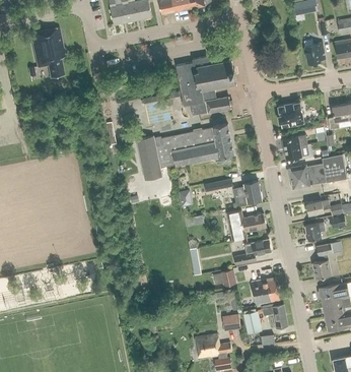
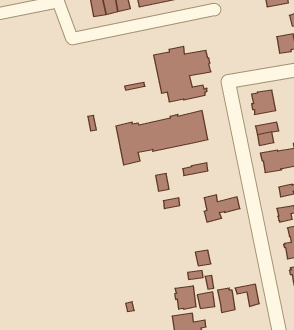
building: [29,26,64,77] -> none
building: [232,180,261,204] -> none
building: [233,239,271,265] -> none
building: [251,276,279,304] -> none
building: none -> [175,286,196,309]

